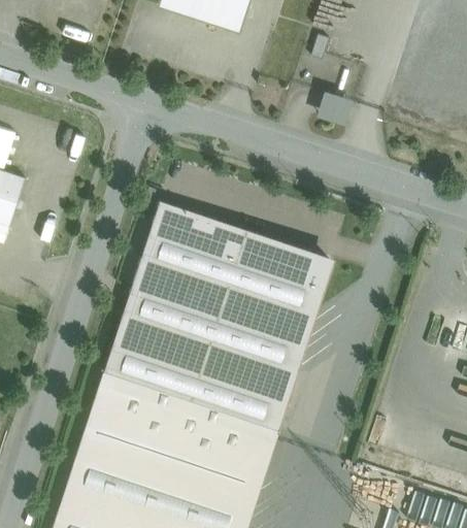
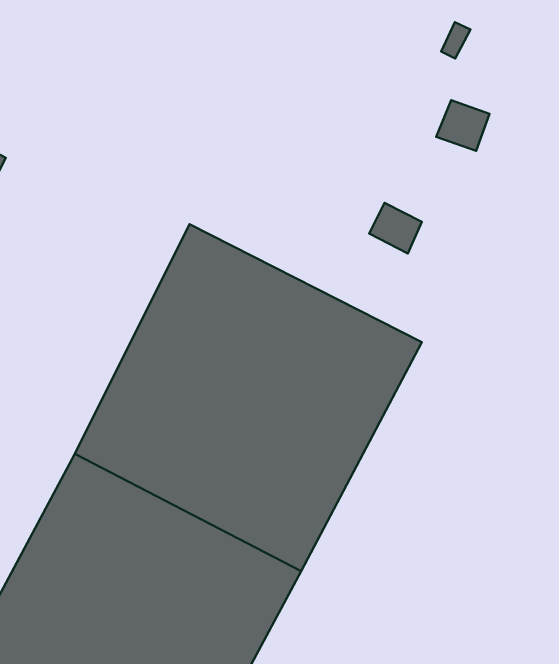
building: none -> [369,203,422,253]

